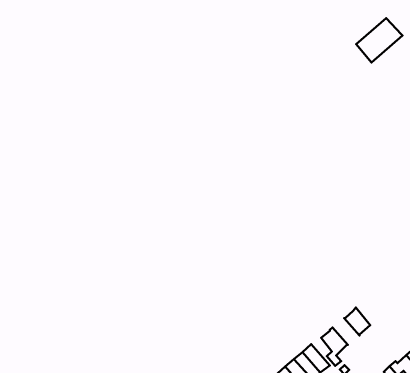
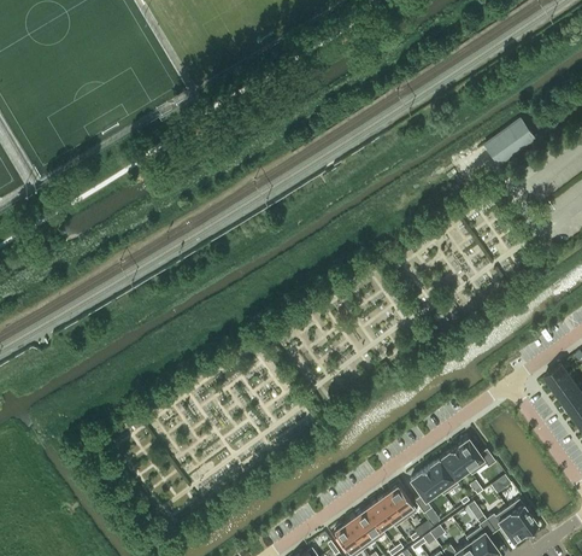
building: none -> [453,439,495,475]
building: none -> [424,460,458,496]

